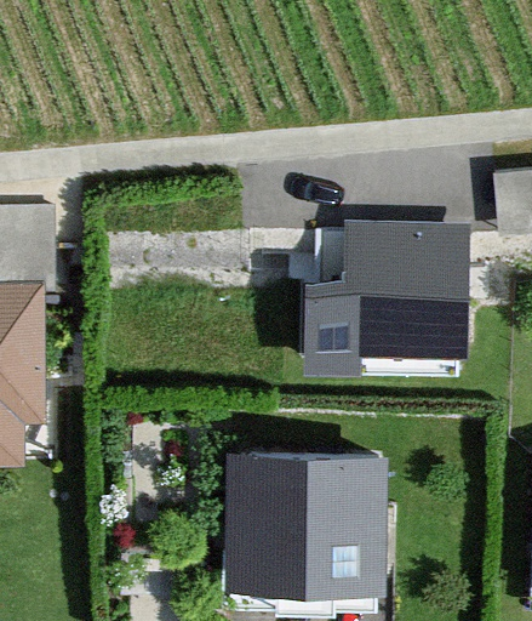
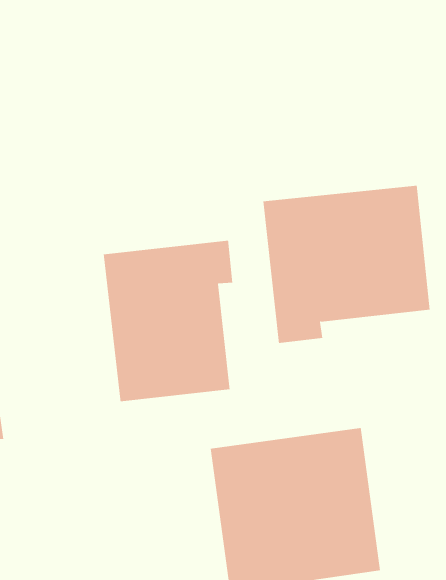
building: none -> [103,240,233,402]

